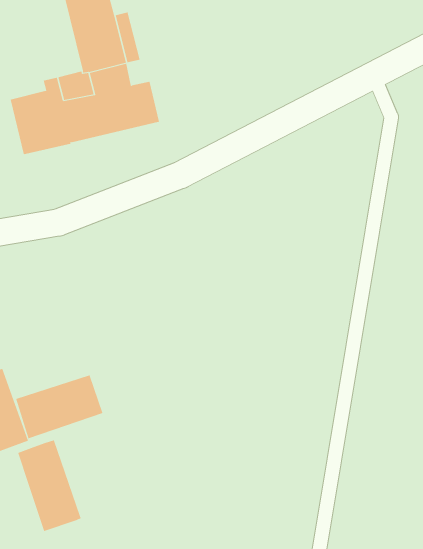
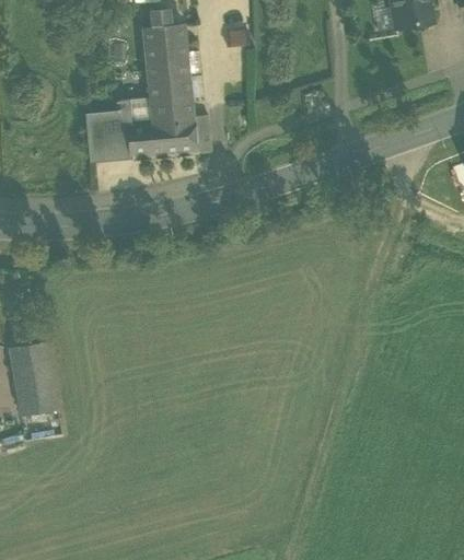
building: [15,374,103,439] -> none
building: [17,439,82,532] -> none

